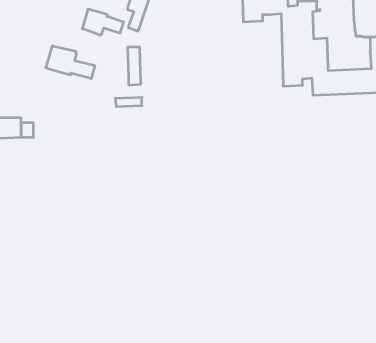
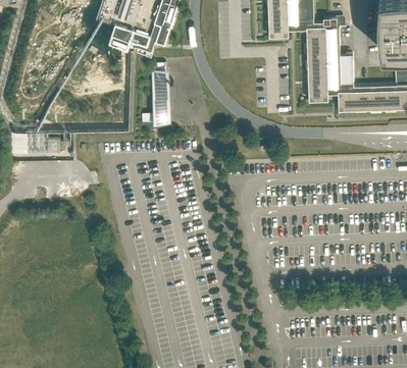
building: [46,46,95,79] -> none

